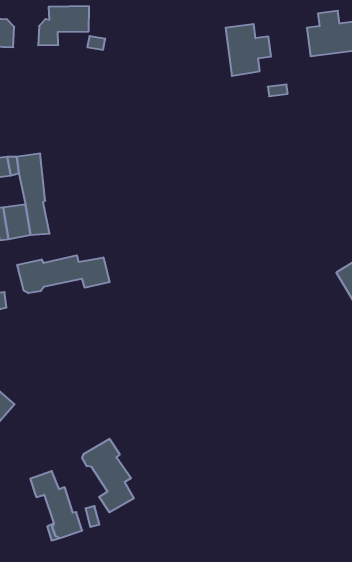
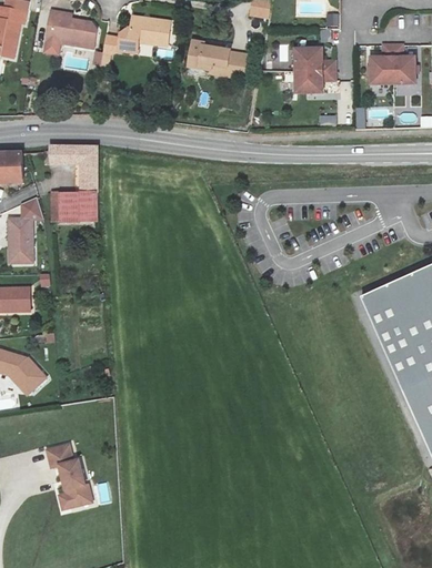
building: none -> [185,38,242,73]
building: [17,255,109,293] -> none
building: [82,439,134,512] -> none

